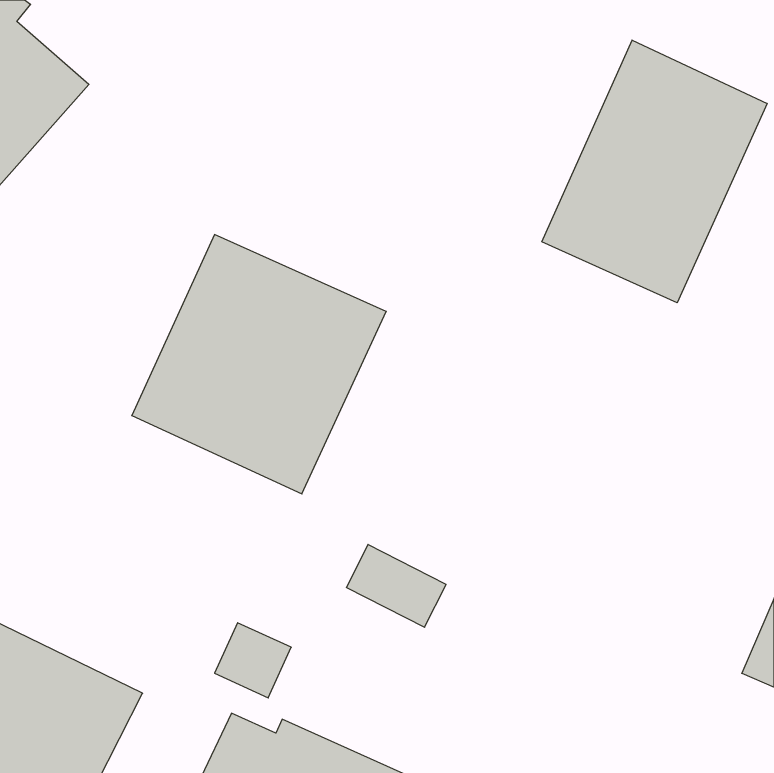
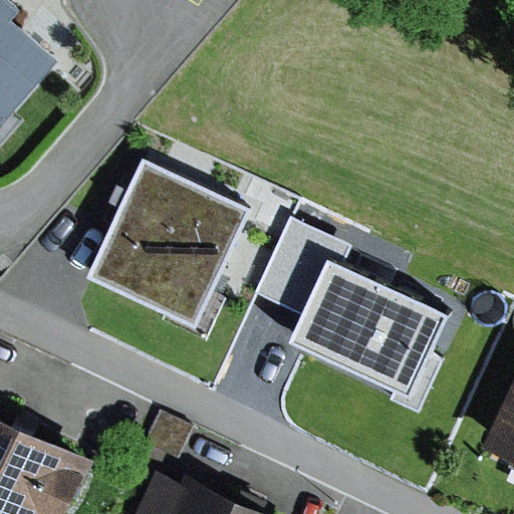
building: [542,40,767,303] -> none
building: none -> [253,226,449,399]

